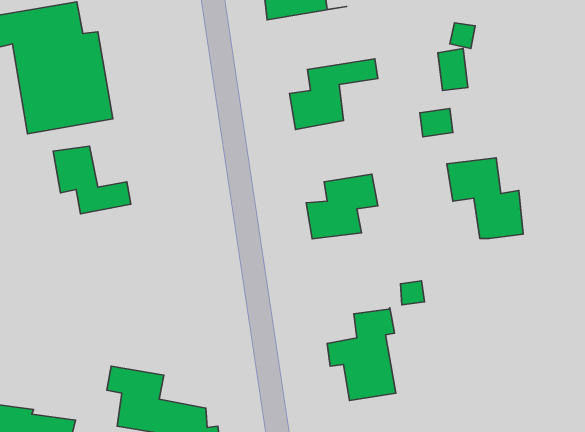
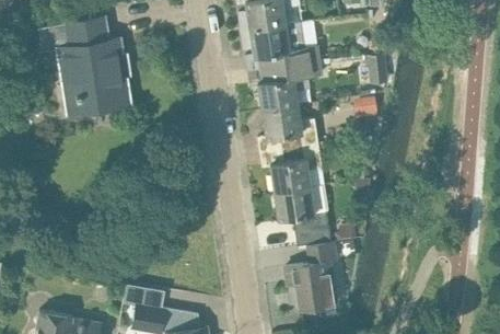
building: none -> [242,22,321,68]
building: none -> [263,105,318,150]
building: [53,146,131,214] -> none
building: [447,158,523,239] -> [275,187,330,246]

